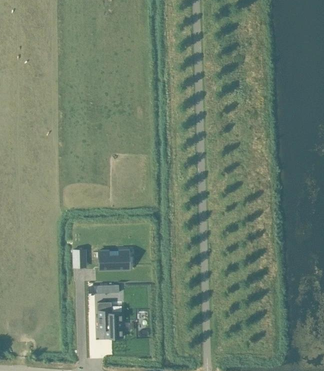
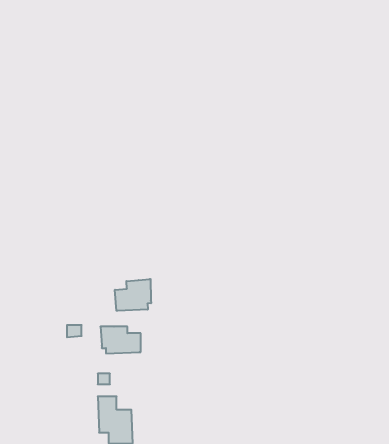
building: none -> [115,279,151,311]

